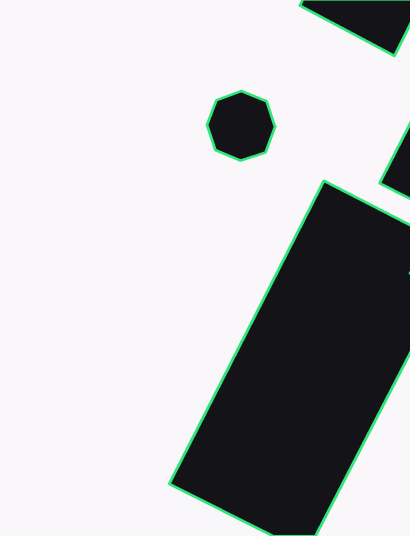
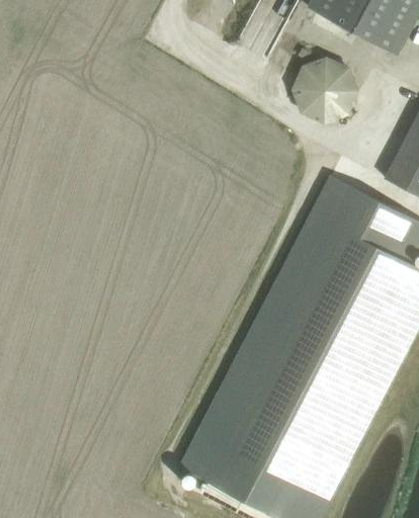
building: [207,91,275,160] -> [292,57,358,123]

